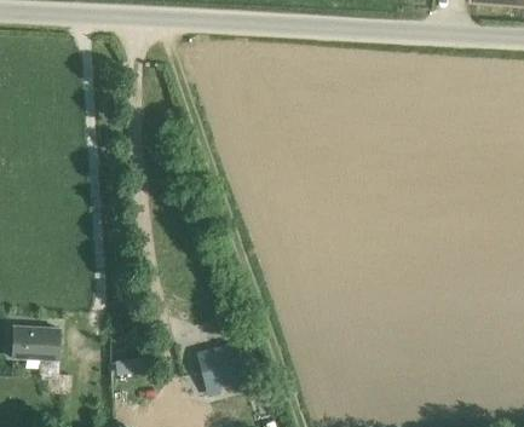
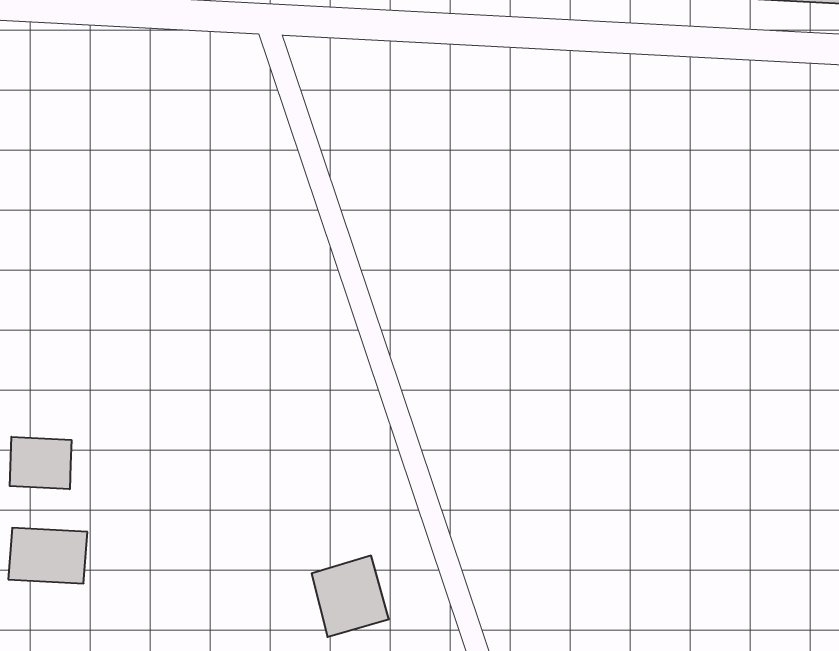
building: none -> [10,437,71,489]

